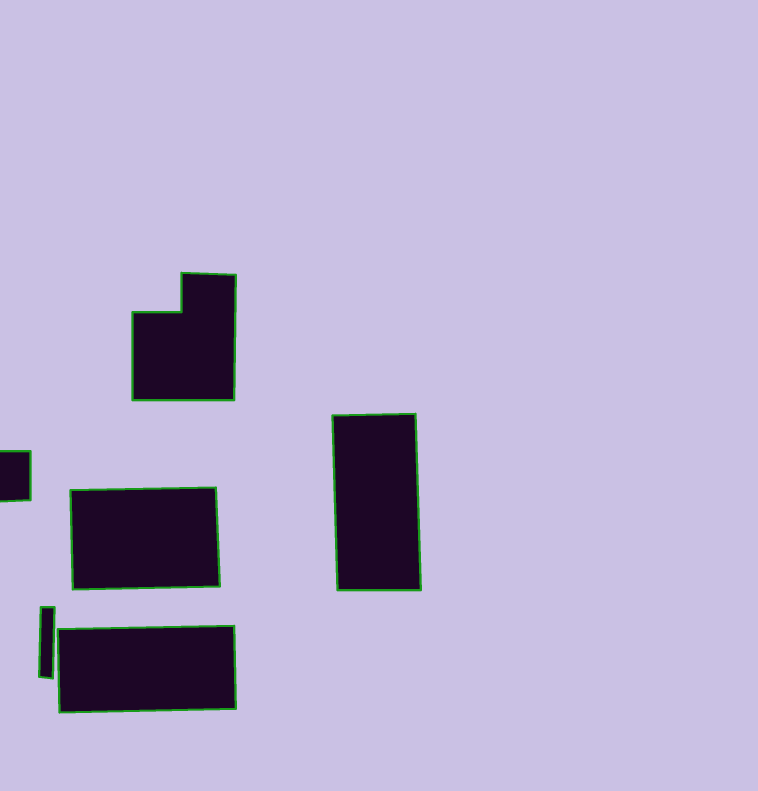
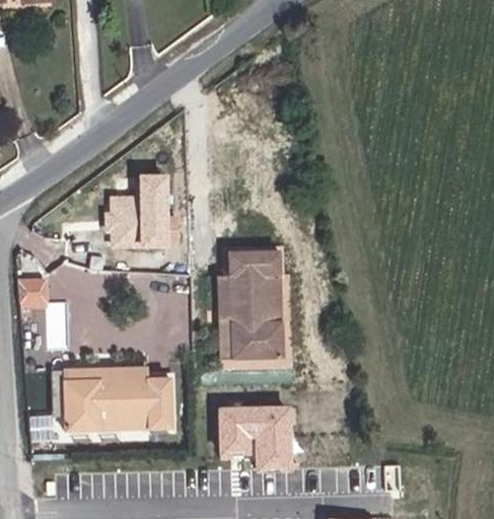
building: [70,488,220,589] -> none
building: none -> [219,405,289,469]

